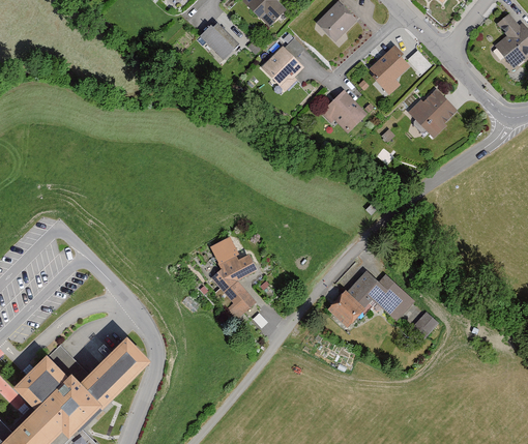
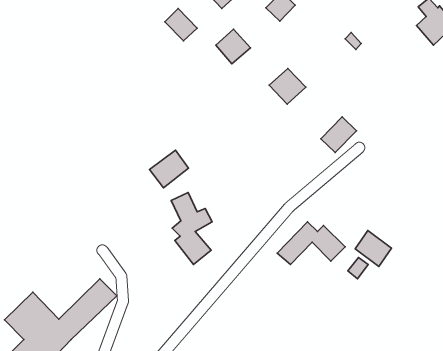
building: [372,49,409,85] -> none
building: [412,93,453,135] -> [321,117,356,152]
building: none -> [149,150,189,188]
building: none -> [355,230,392,267]

